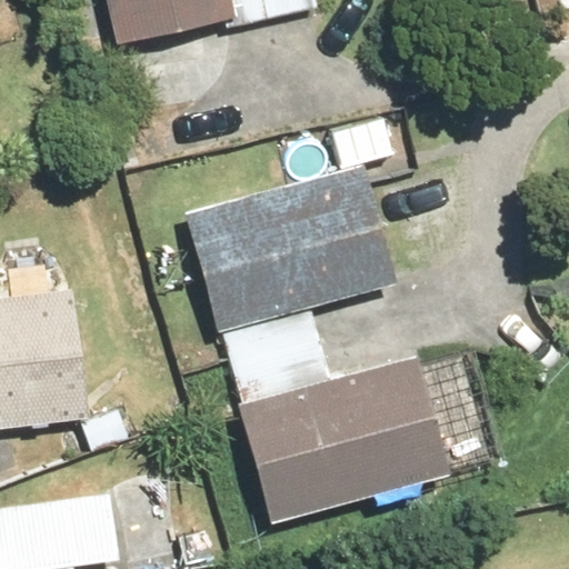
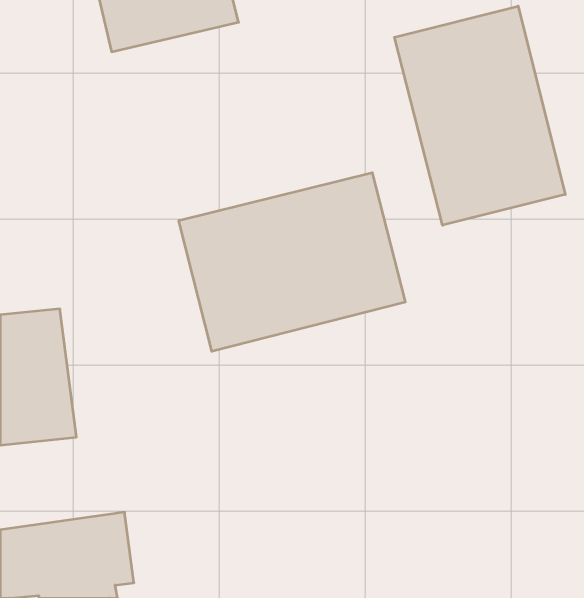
building: none -> [394,6,565,225]
building: [234,359,448,523] -> none

